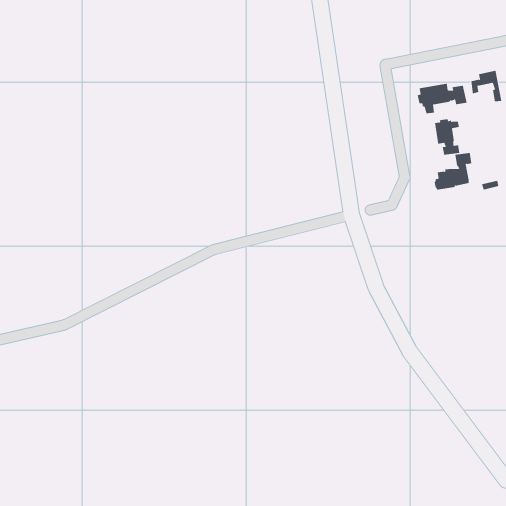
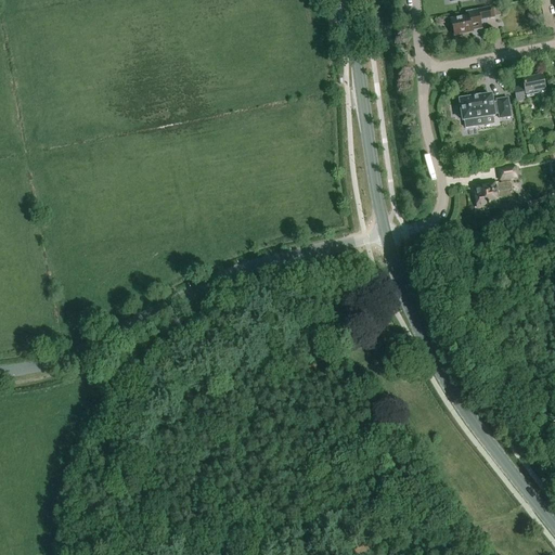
building: none -> [452,8,495,36]
building: [434,118,460,155] -> none

